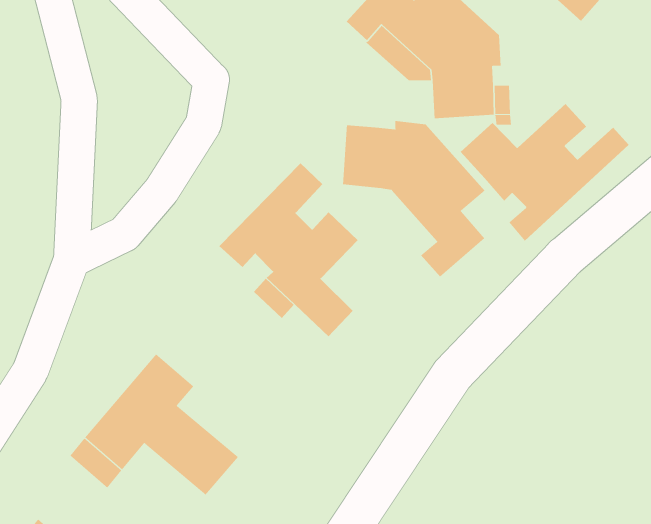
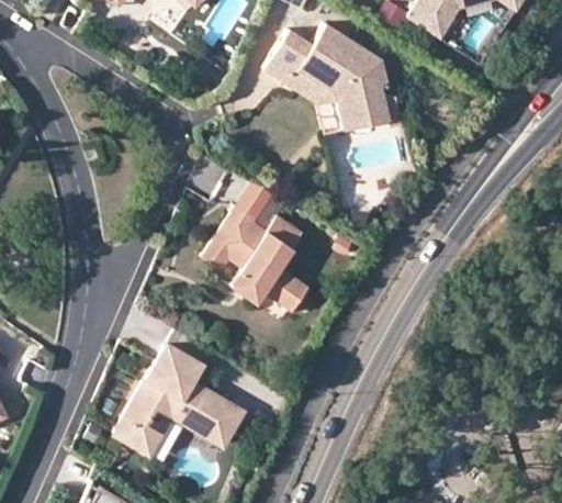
building: [460,103,629,241] -> none
building: [343,120,485,278] -> none

